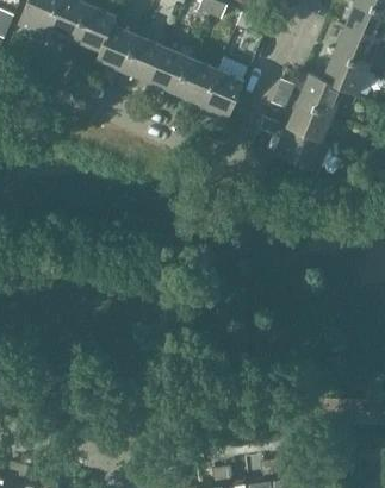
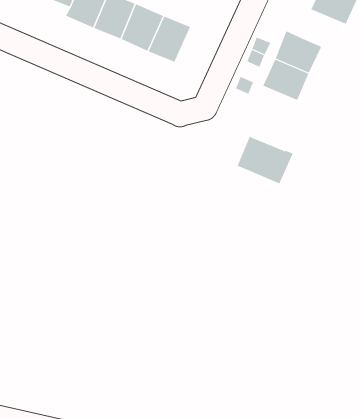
building: [321,54,366,95] -> none
building: [197,70,242,124] -> none
building: [273,127,328,174] -> [237,136,293,184]

